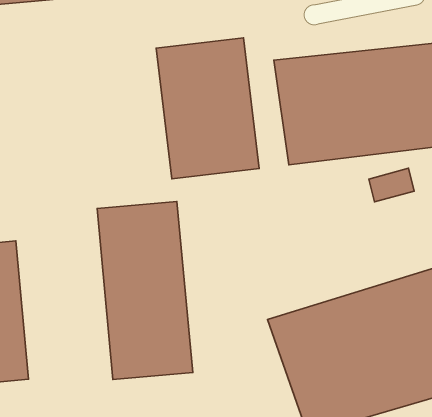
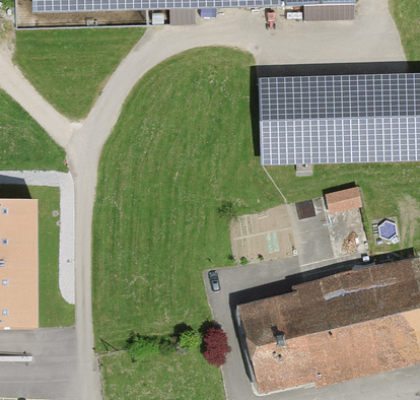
building: [156,38,259,179] -> none
building: [97,202,193,380] -> none

